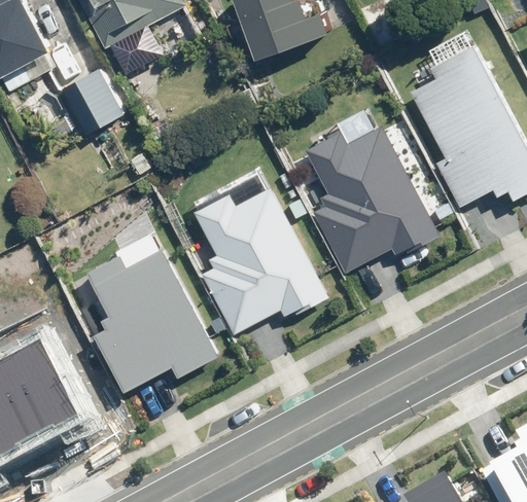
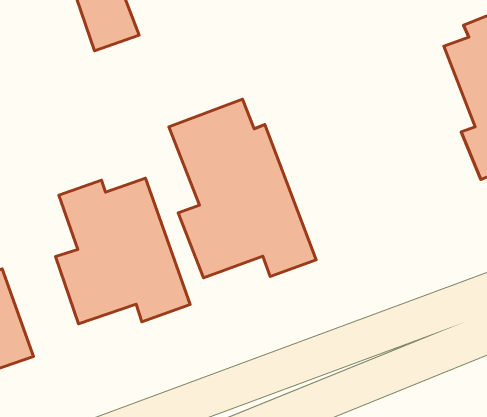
building: [297,122,433,273] -> none

